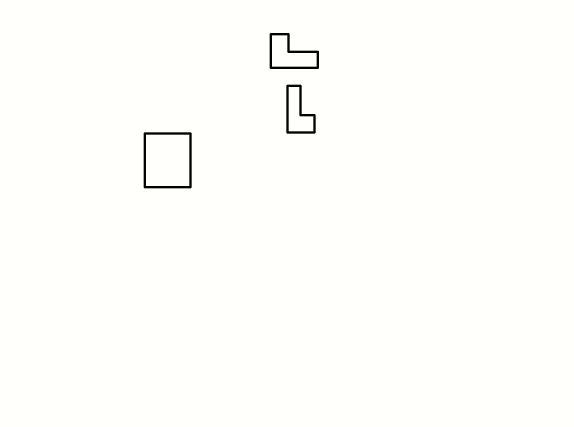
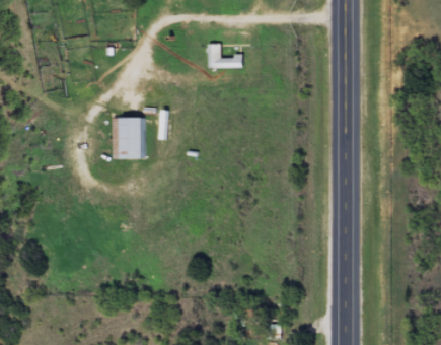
building: [288,86,315,133] -> none

